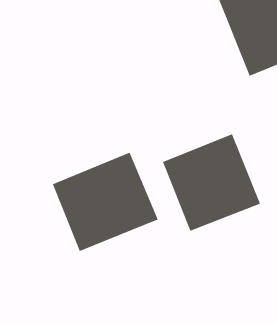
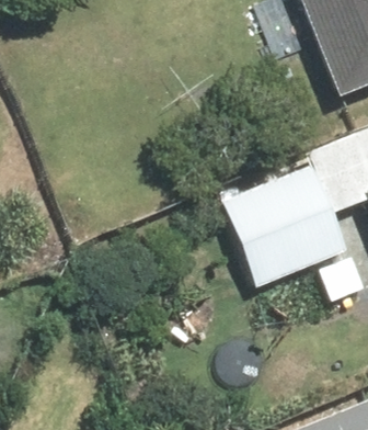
building: [52,152,159,252] -> none

